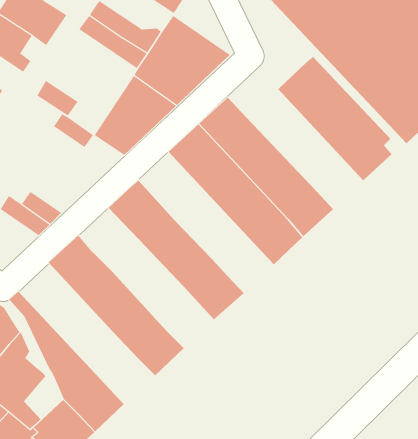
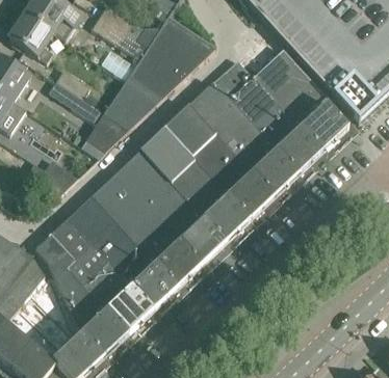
building: none -> [212,59,322,173]
building: none -> [85,113,128,152]
building: none -> [139,127,250,242]
building: none -> [90,172,201,287]
building: none -> [42,217,153,332]

